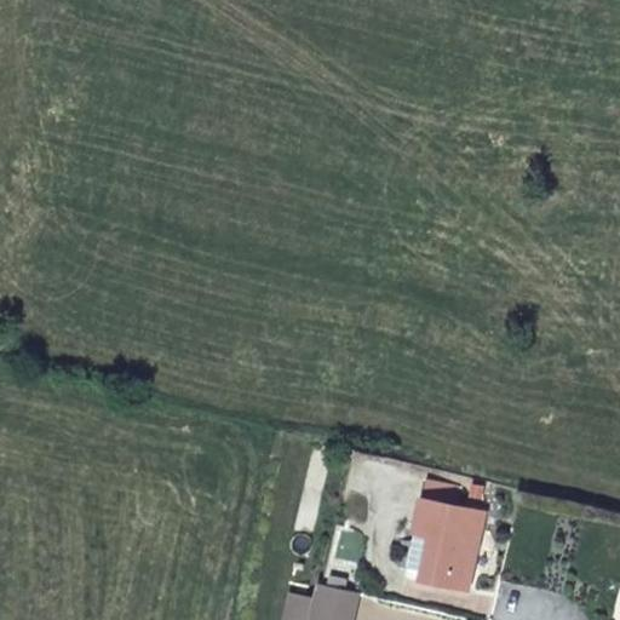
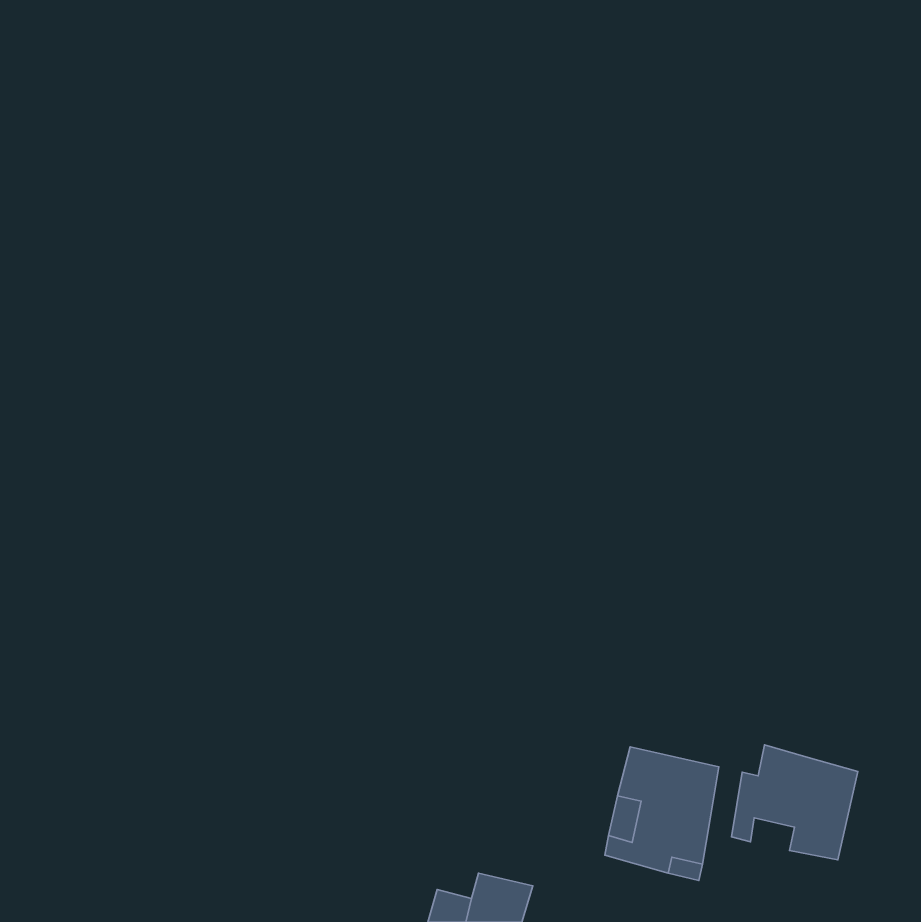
building: none -> [731,745,858,860]

